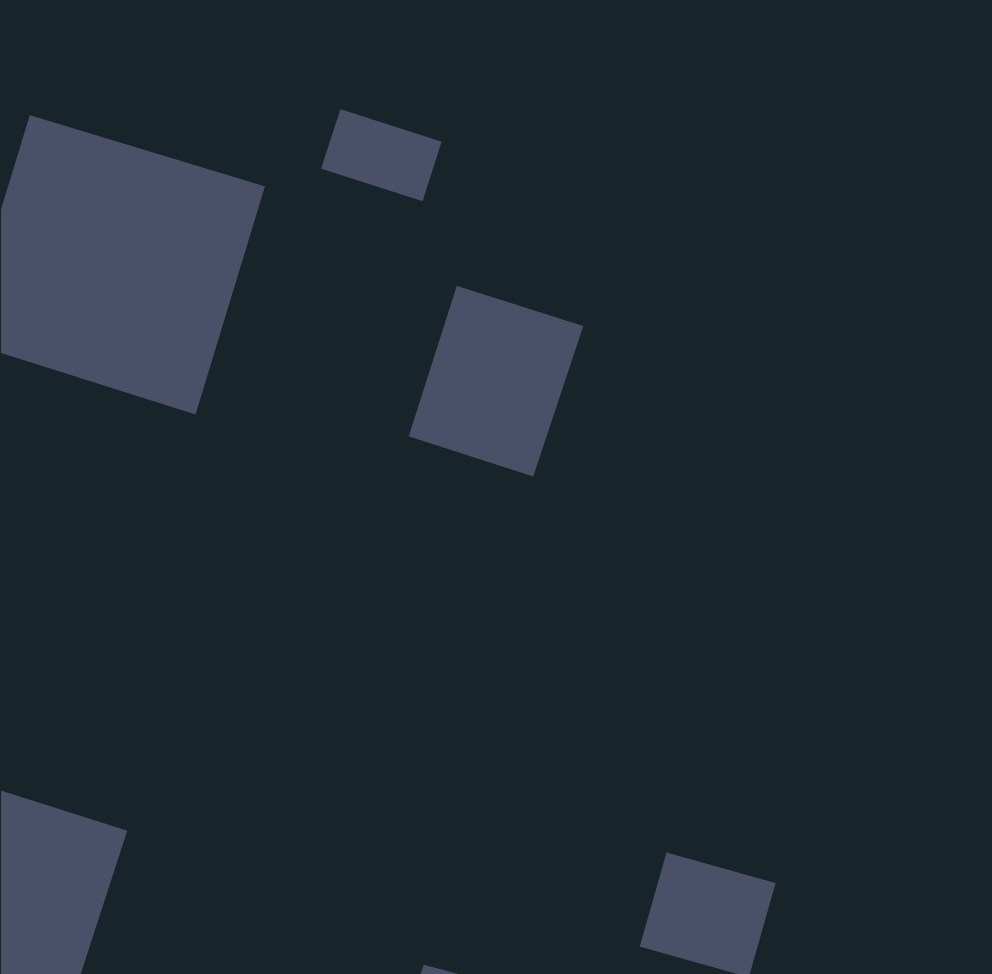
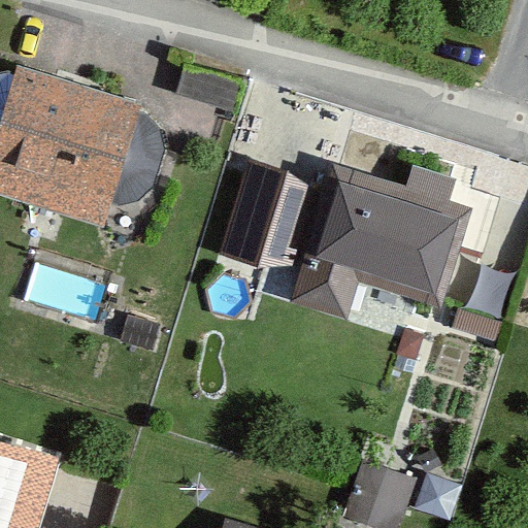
building: none -> [290,159,473,314]

